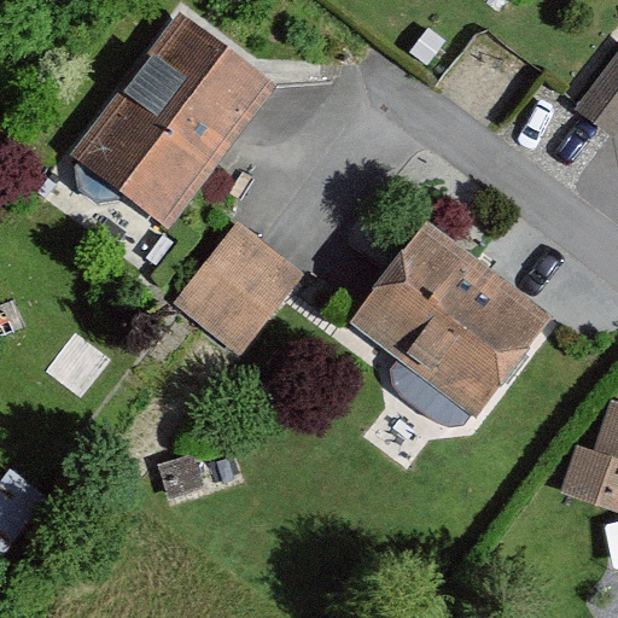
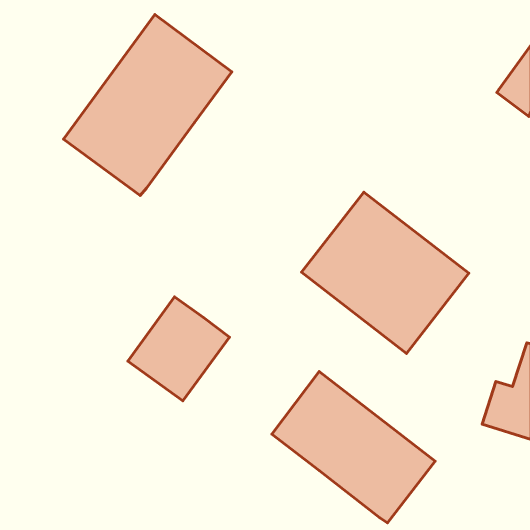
building: [180,227,298,348] -> [128,297,230,401]
building: none -> [272,372,435,523]

